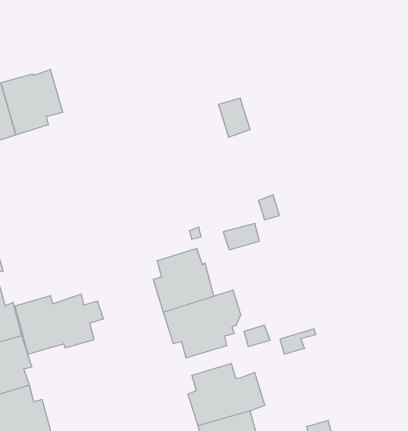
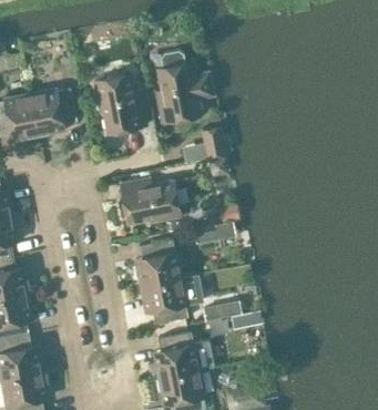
building: none -> [155,51,212,123]
building: none -> [93,74,146,134]
building: [15,294,103,354] -> [120,180,188,224]

